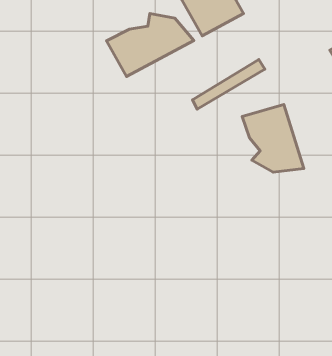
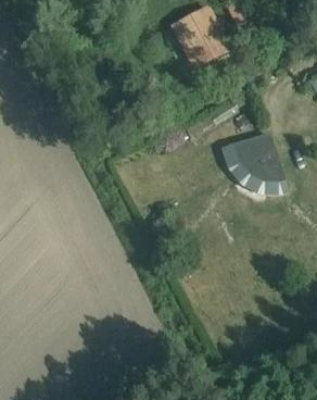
building: [107,14,194,76] -> none

